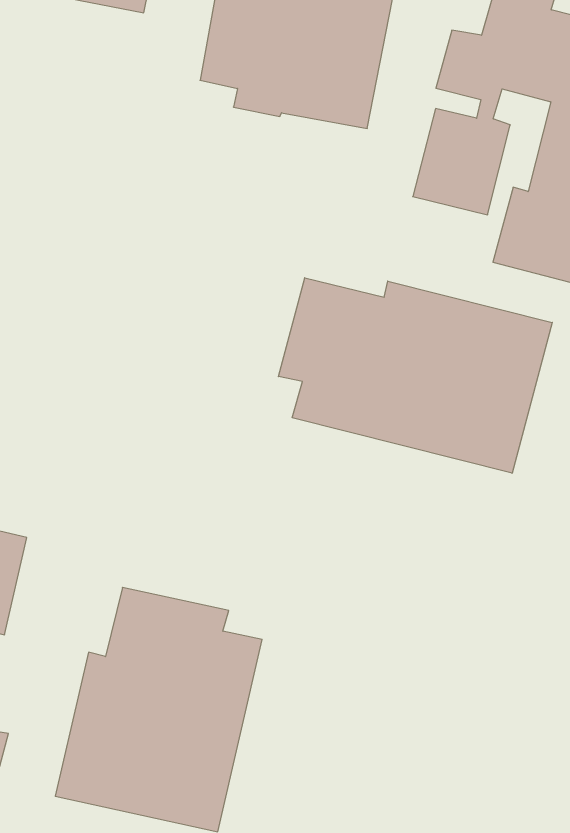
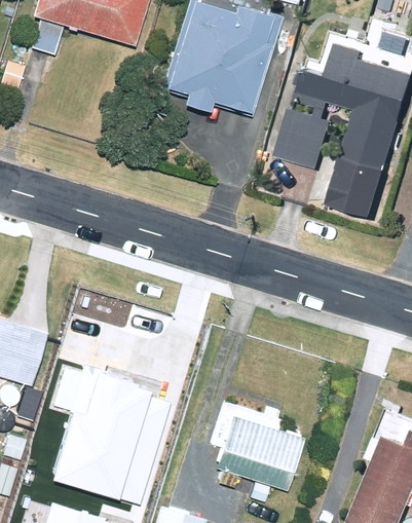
building: [278,278,552,473] -> none
building: none -> [211,406,301,491]

